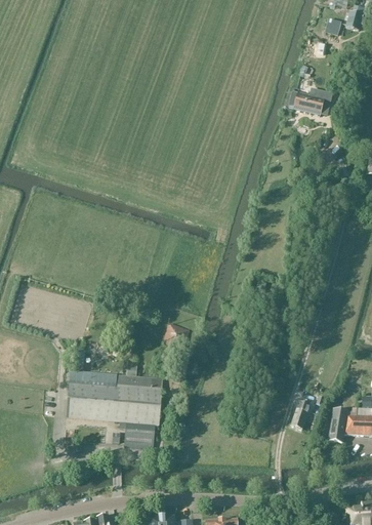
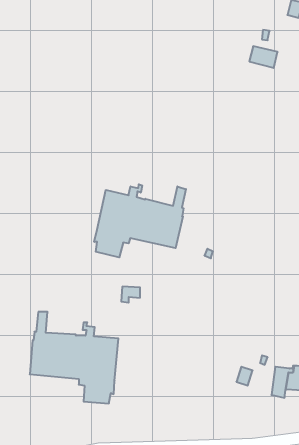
building: [293,91,324,115] -> [249,46,278,68]
building: none -> [94,184,186,257]

